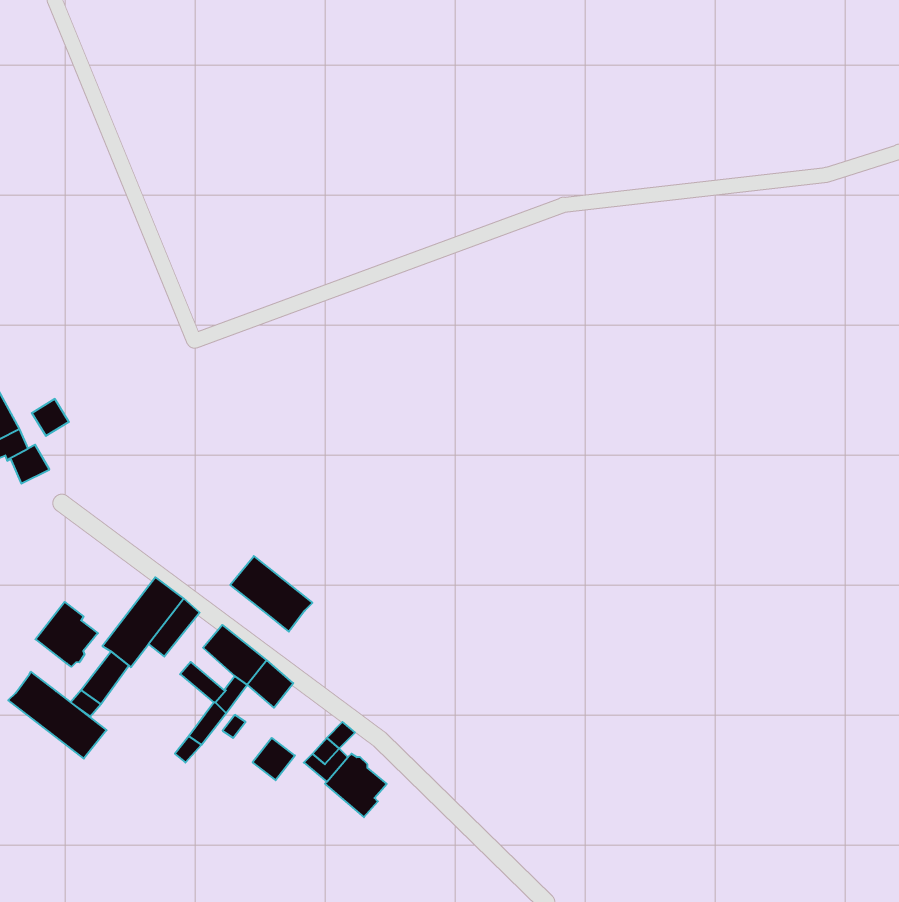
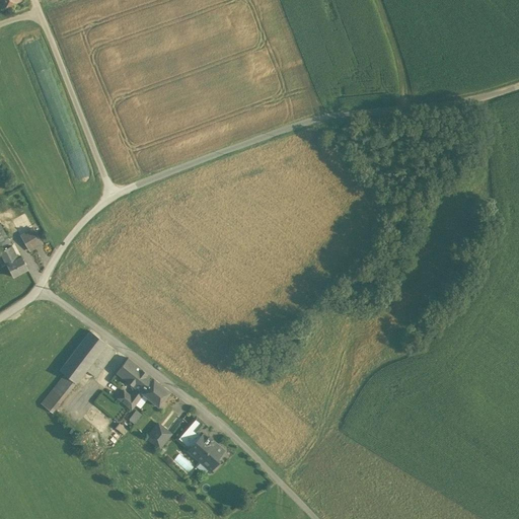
building: [230,556,312,632] -> none
building: [35,602,98,667] -> none
building: [8,672,107,759] -> none

